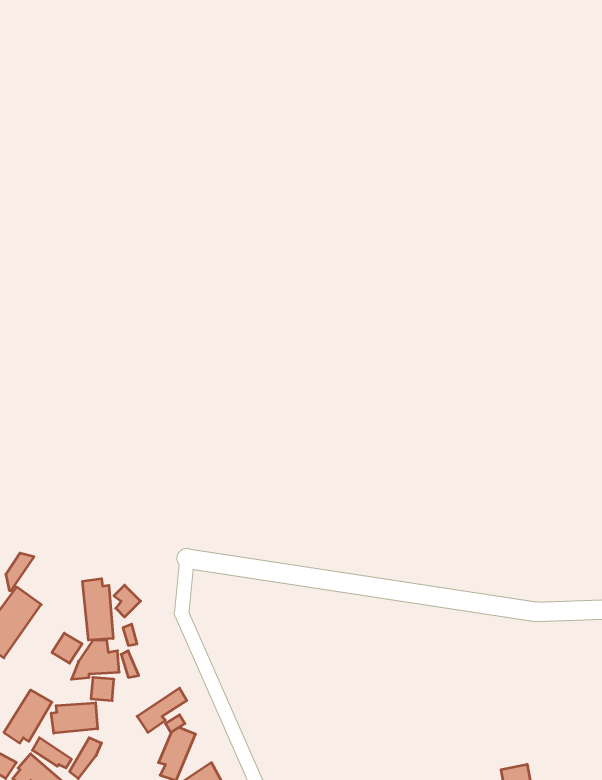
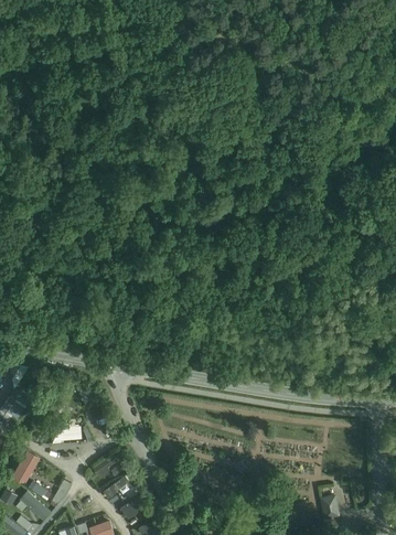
building: [83,579,113,640] -> none
building: [51,703,98,733] -> none

